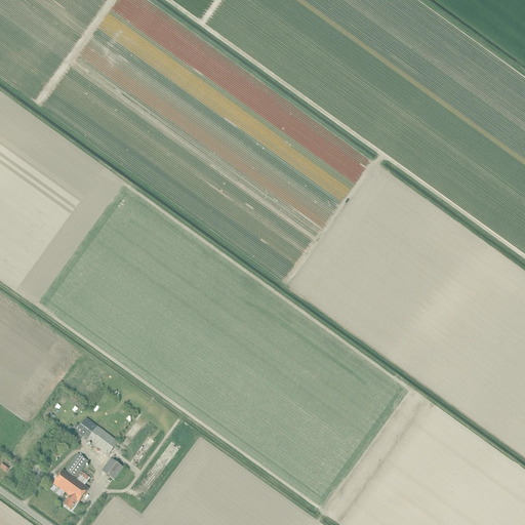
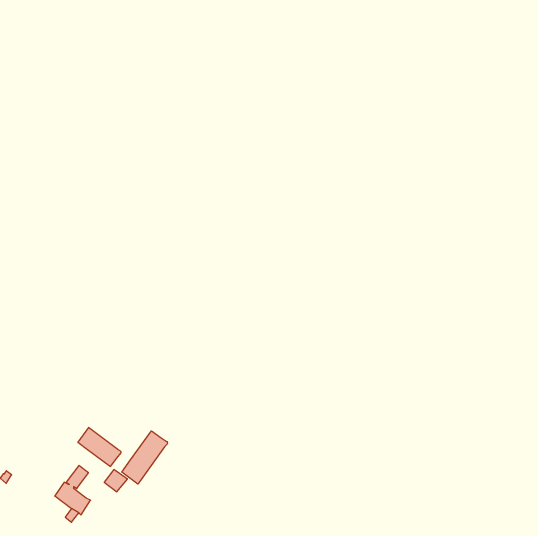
building: none -> [122,431,168,484]

